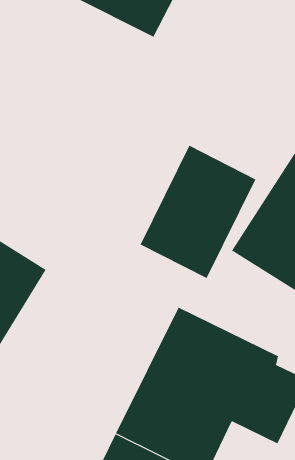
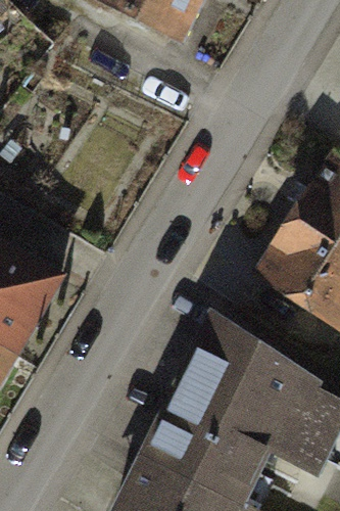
building: [140,145,256,279] -> none

